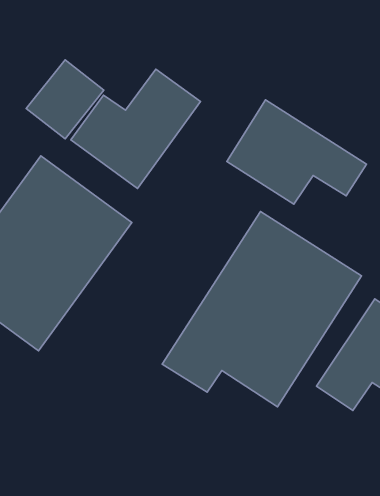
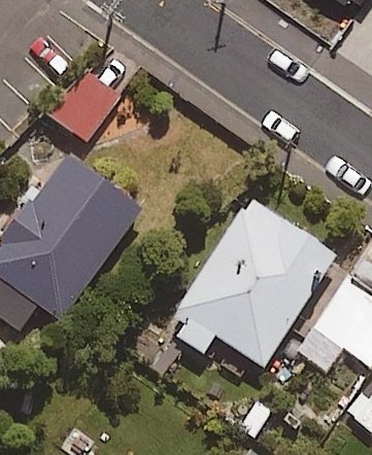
building: [71,69,200,188] -> none
building: [227,100,366,204] -> none

